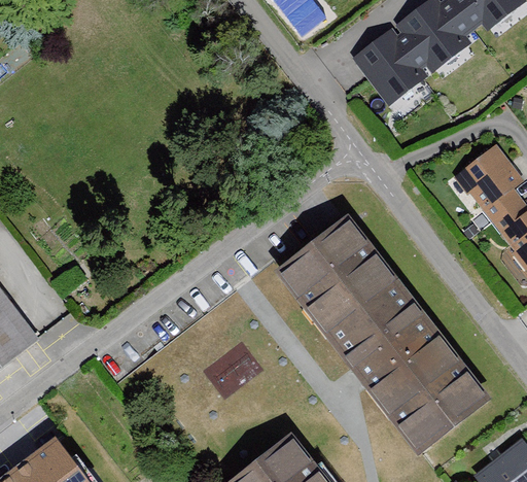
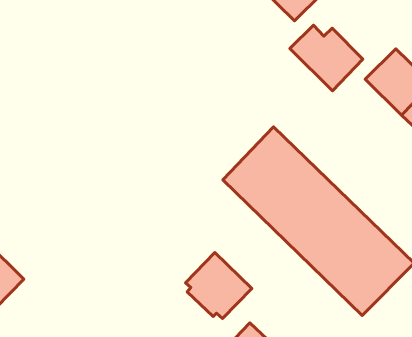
building: none -> [290,25,363,91]
building: none -> [186,253,252,319]

